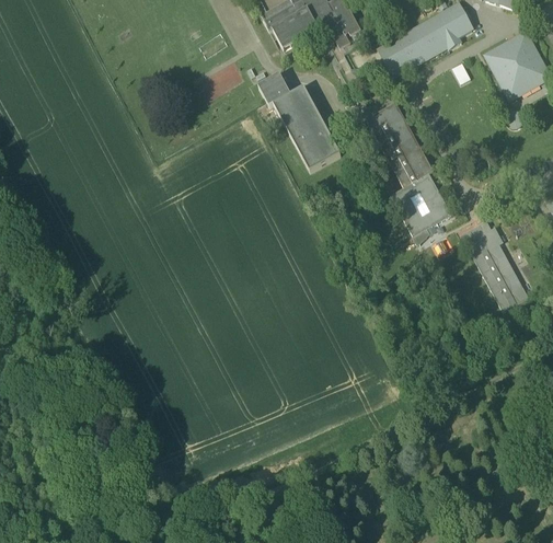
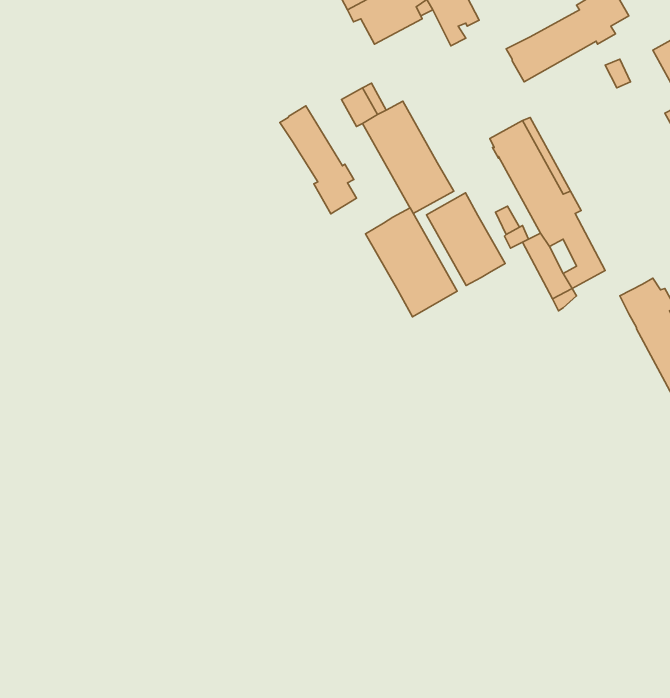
building: none -> [280,106,357,214]
building: none -> [427,193,505,286]
building: none -> [365,208,457,317]

